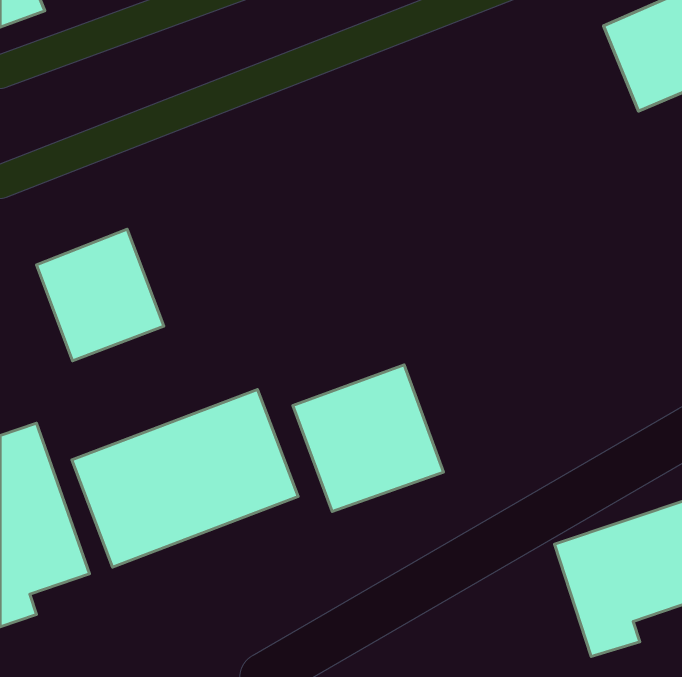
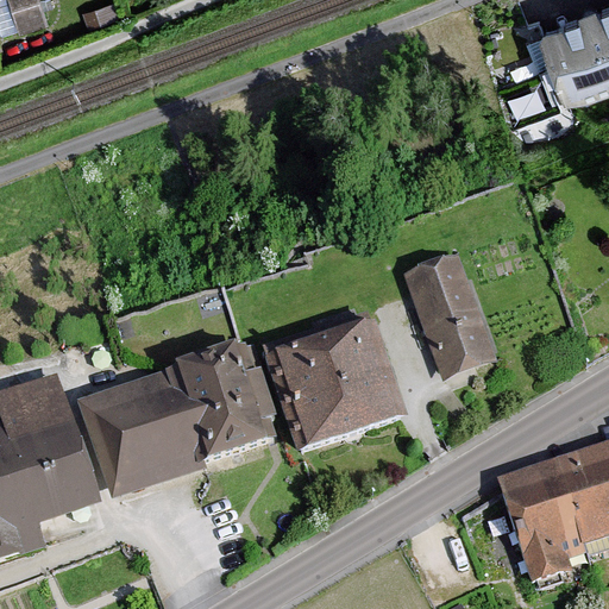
building: [37,229,164,361] -> none
building: none -> [404,250,497,373]

